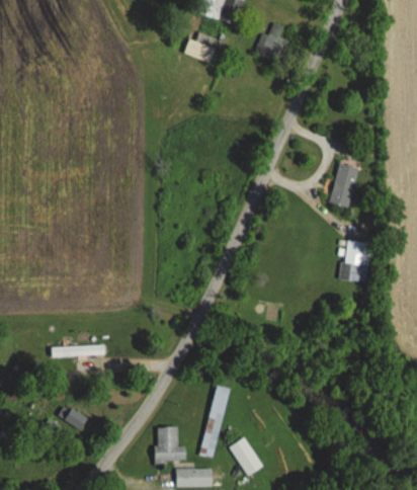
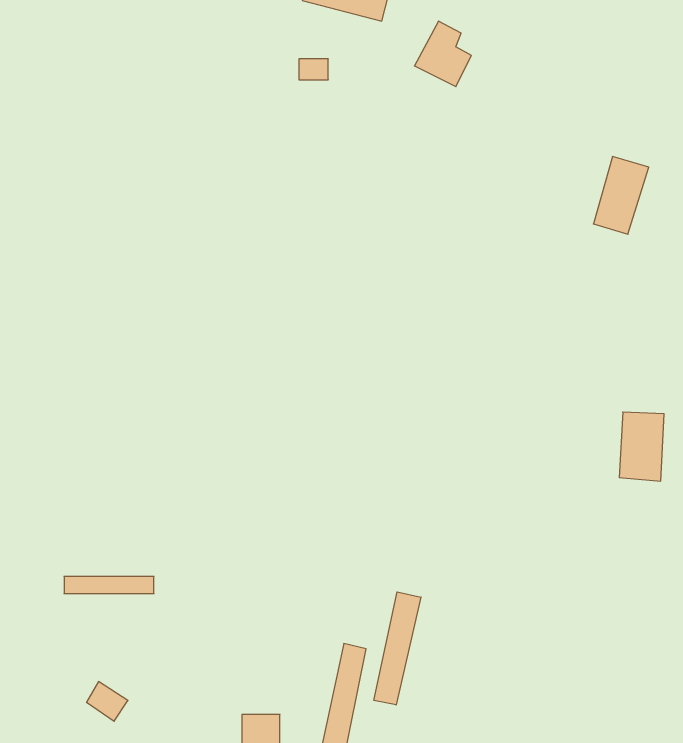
building: [329,162,361,208] -> [593,157,649,234]
building: [342,241,368,281] -> [619,412,664,481]
building: none -> [374,592,421,705]

